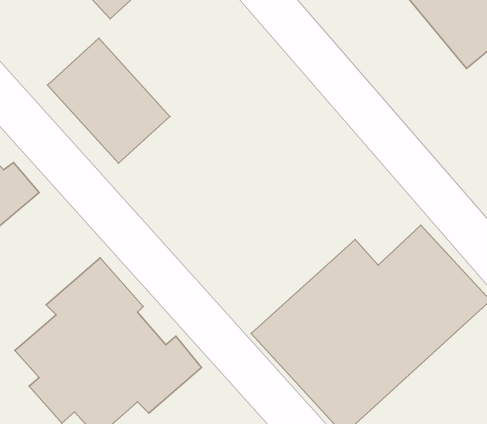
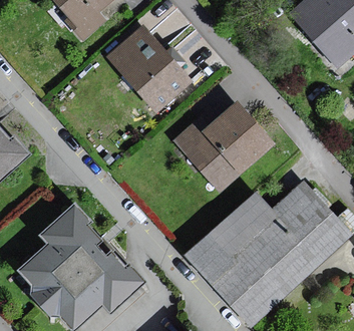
building: [47,38,170,163] -> [106,26,193,114]
building: none -> [169,99,274,194]

